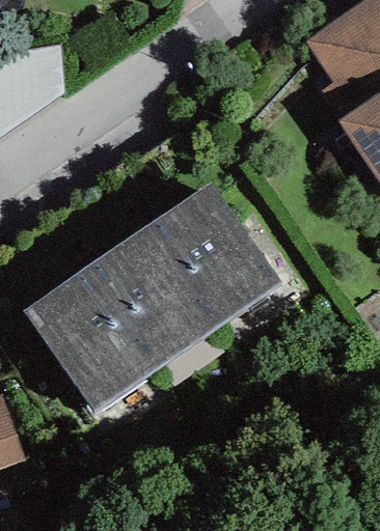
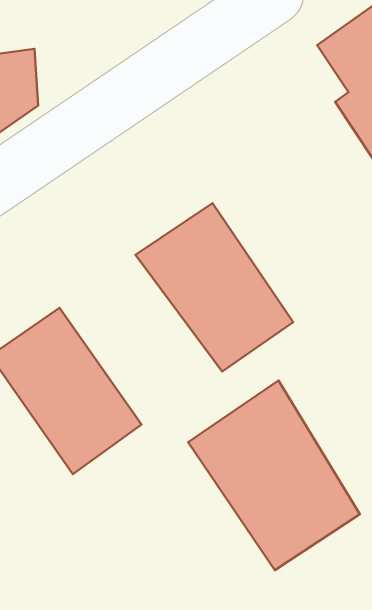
building: [81,223,221,369] -> none
building: none -> [188,381,360,570]

